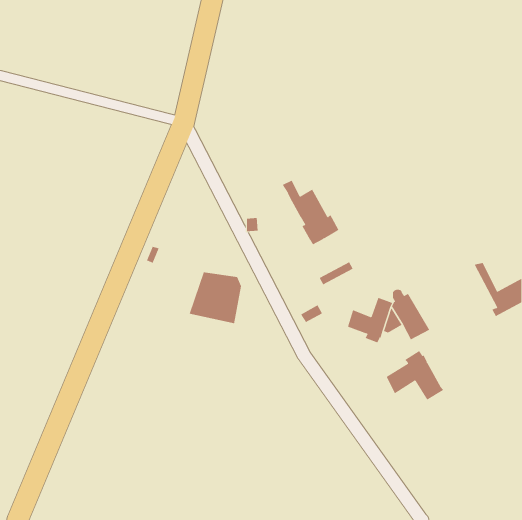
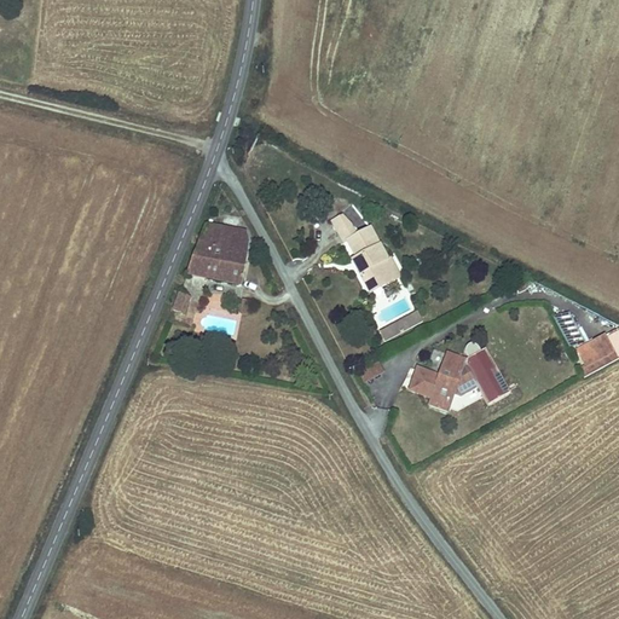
building: [189,272,242,324] -> [187,224,250,285]
building: [386,350,444,400] -> none

